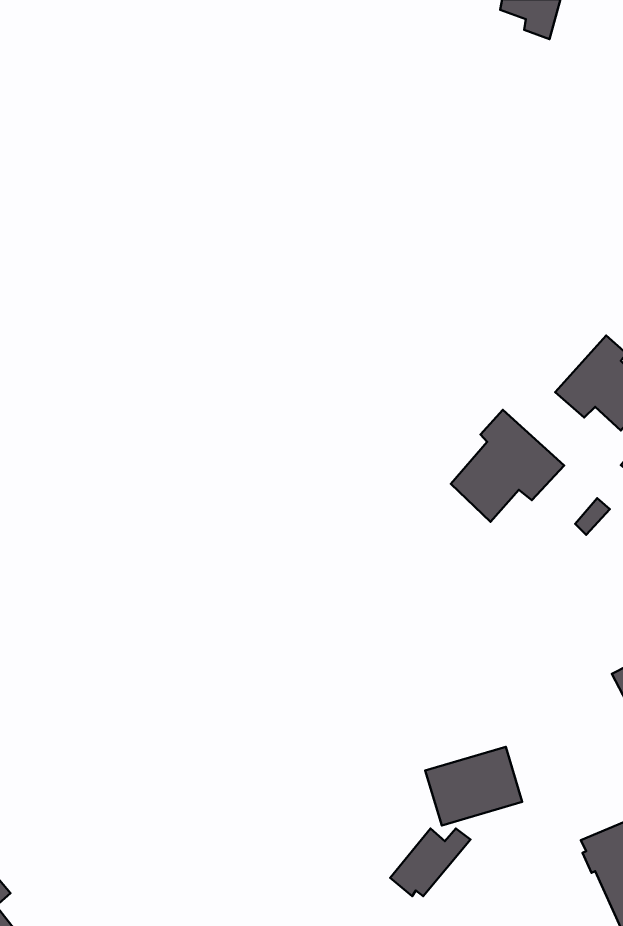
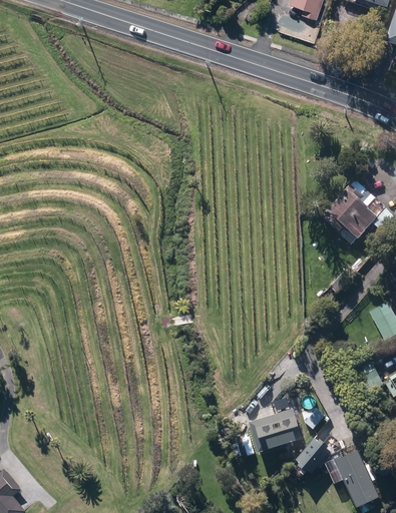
building: [451,410,564,522] -> none
building: [390,828,471,896] -> [294,436,338,473]

